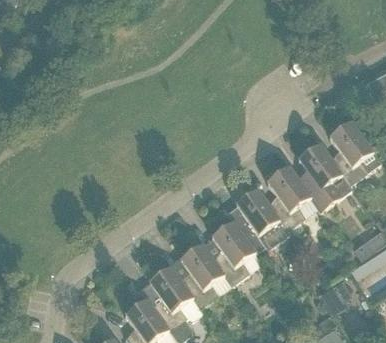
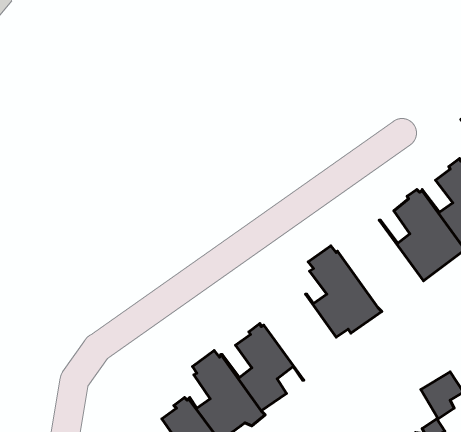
building: [257,165,321,232] -> none
building: [202,221,256,286] -> none

